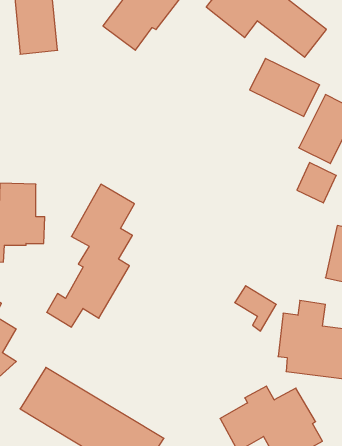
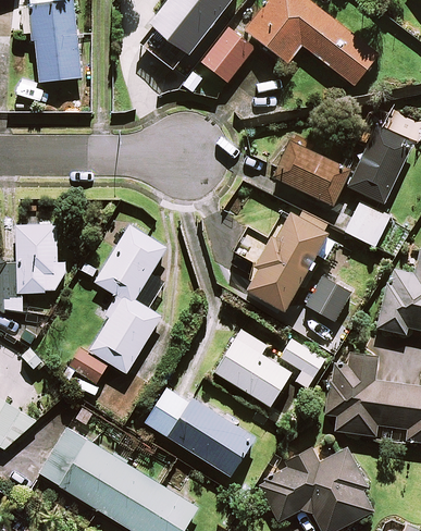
building: none -> [202,27,255,82]
building: [250,58,320,116] -> [272,140,349,205]
building: none -> [235,208,329,309]
building: none -> [306,276,350,320]
building: none -> [215,330,292,406]
building: none -> [147,391,253,474]

